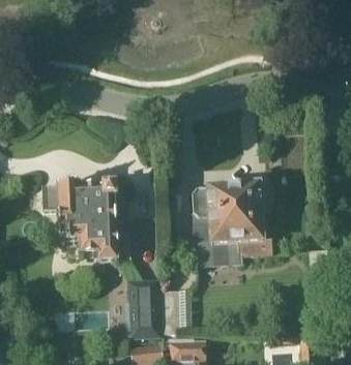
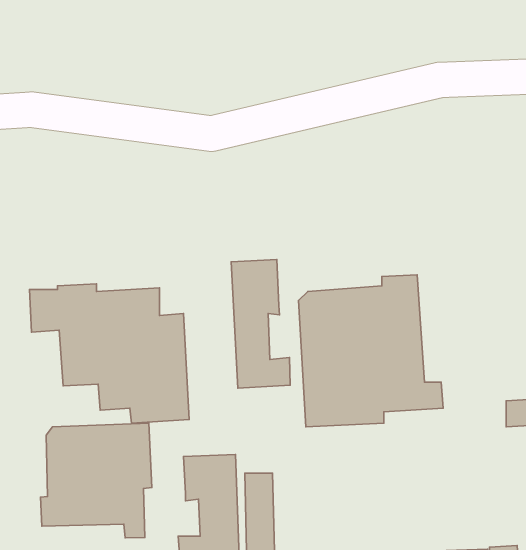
building: none -> [231,260,290,388]
building: none -> [41,423,152,538]

